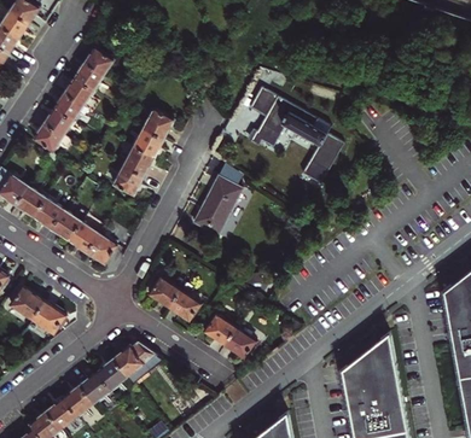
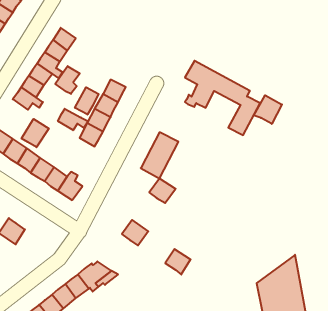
building: none -> [55,66,80,94]
building: none -> [75,87,99,115]
building: none -> [254,95,282,124]
building: none -> [58,109,88,130]
building: none -> [22,119,49,147]
building: [147,276,181,308] -> [149,178,176,203]
building: [31,302,65,335] -> none
building: [204,314,235,345] -> none

